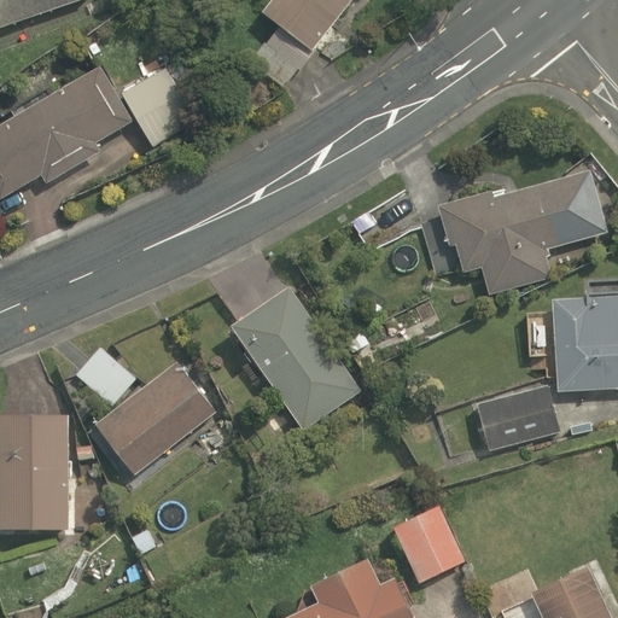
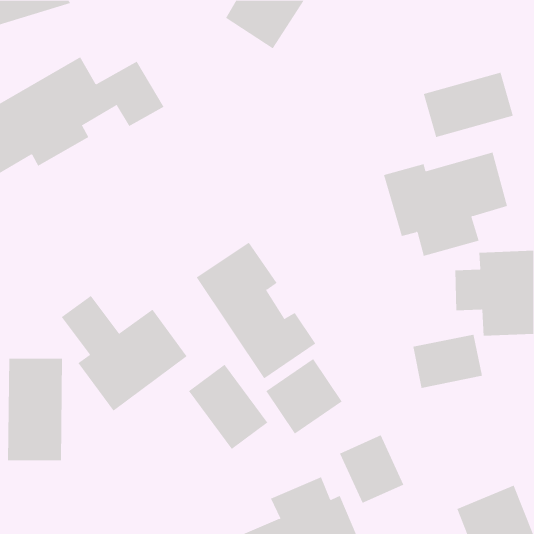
building: none -> [423,72,513,138]
building: none -> [265,358,343,434]
building: none -> [188,364,268,450]

